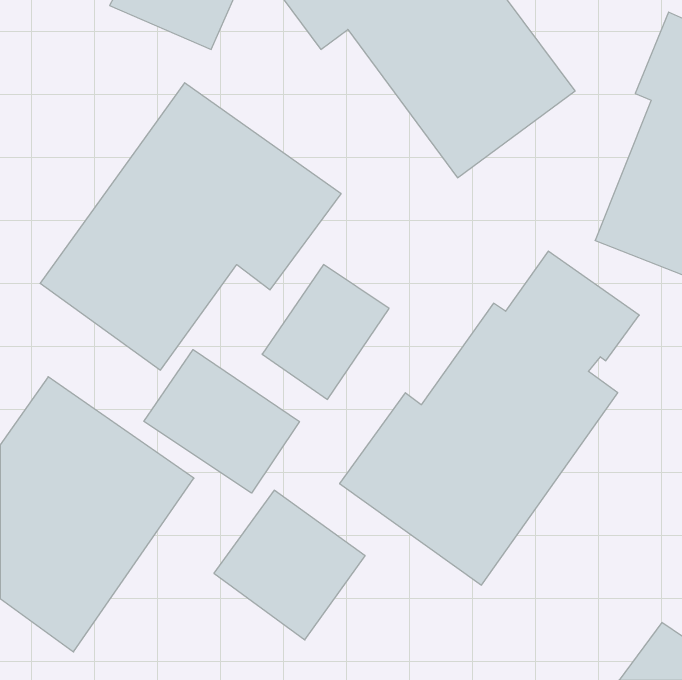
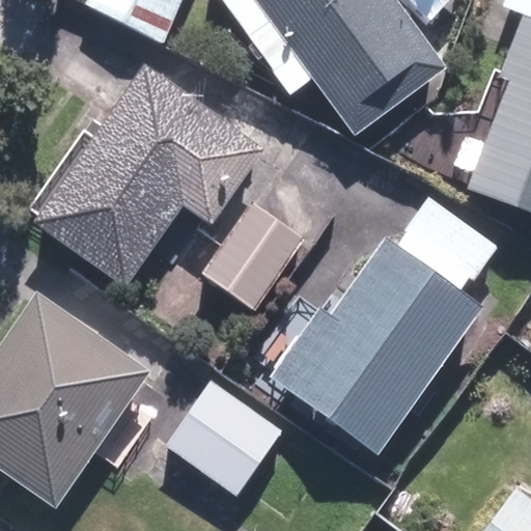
building: [144,350,299,493] -> none

